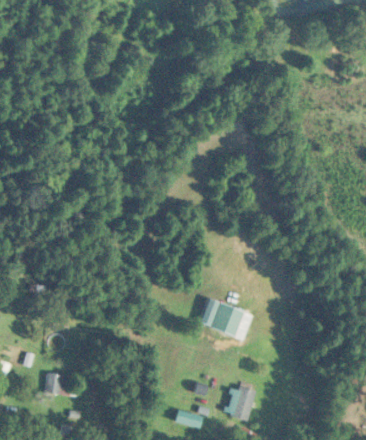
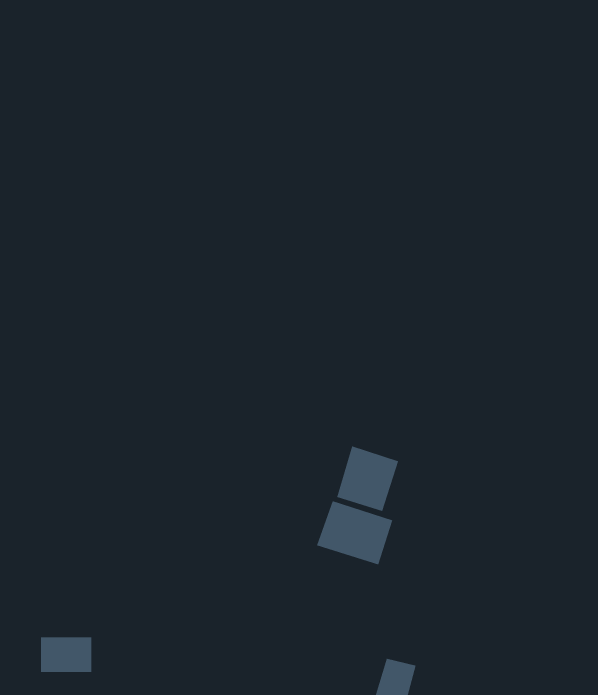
building: none -> [337,445,399,512]

